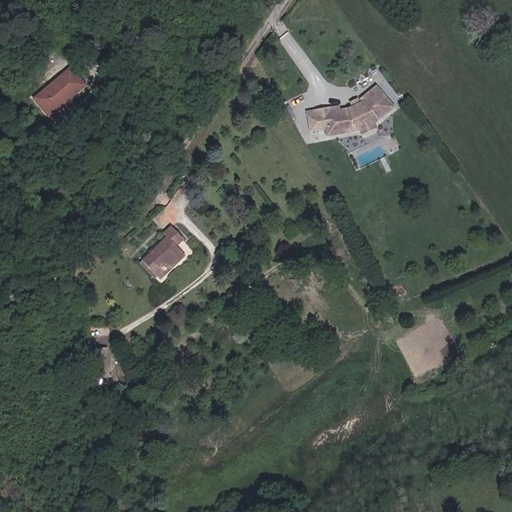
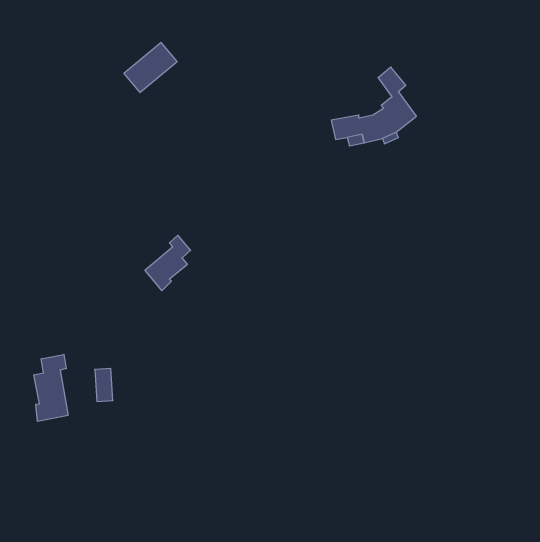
building: [34,68,84,115] -> [124,42,177,93]
building: none -> [34,354,68,421]

